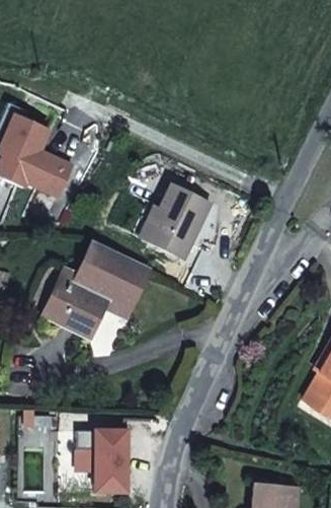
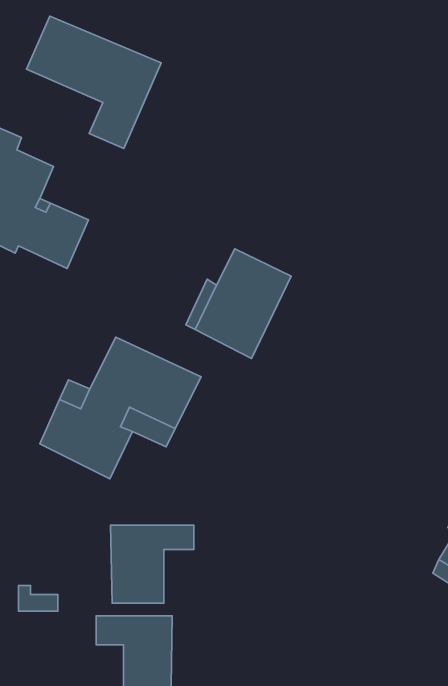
building: none -> [27,16,161,148]
building: none -> [110,525,194,603]

